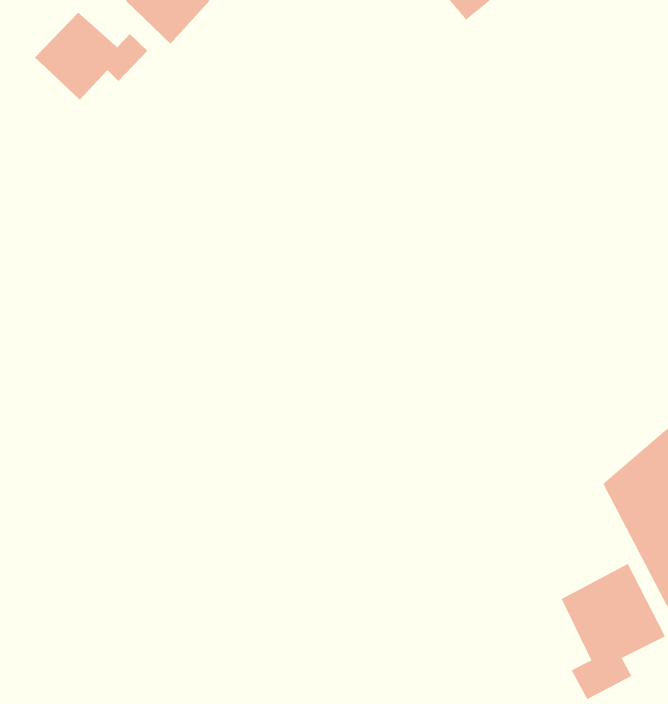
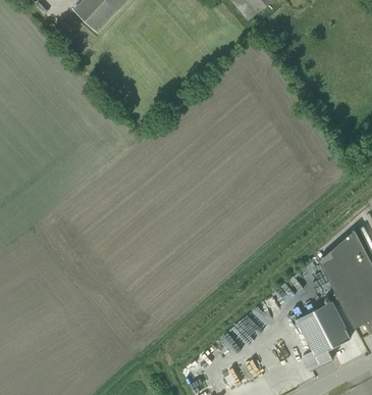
building: [34,12,148,101] -> none

